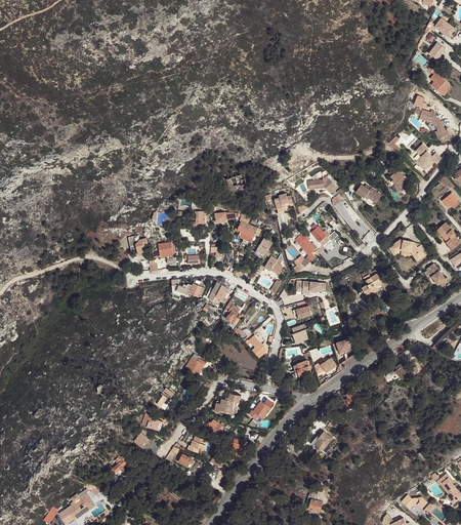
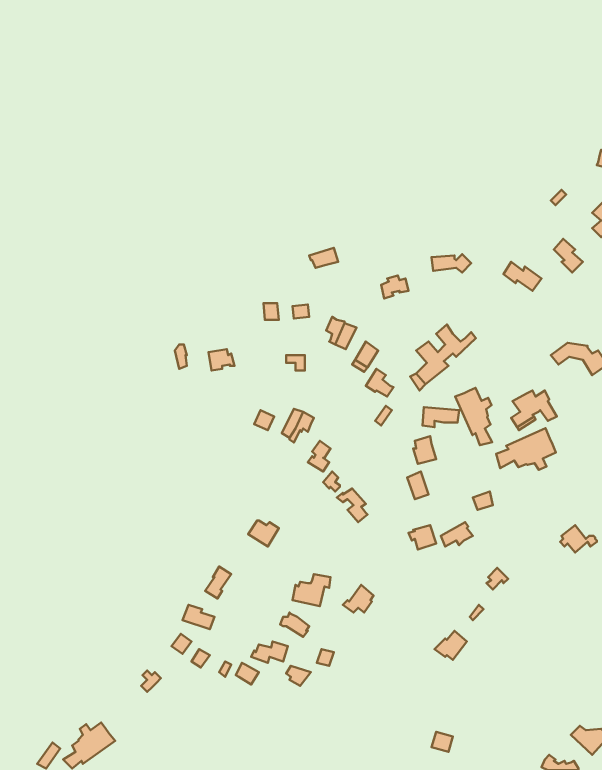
building: none -> [455,388,492,445]
building: none -> [496,428,556,470]

